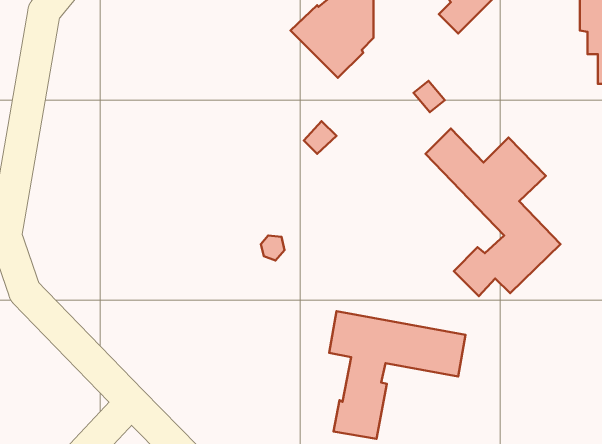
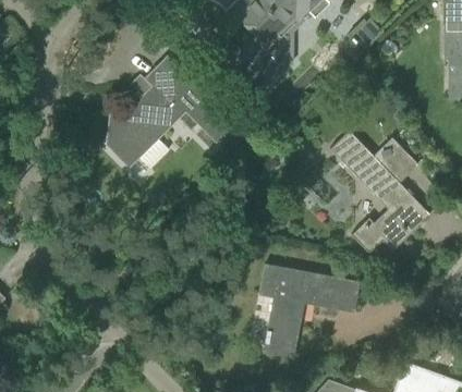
building: none -> [106,56,236,169]

